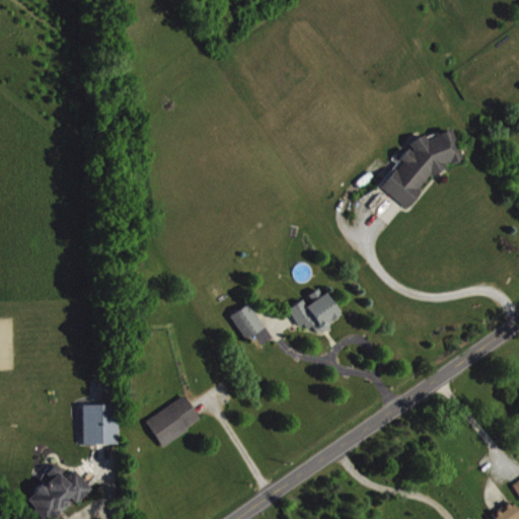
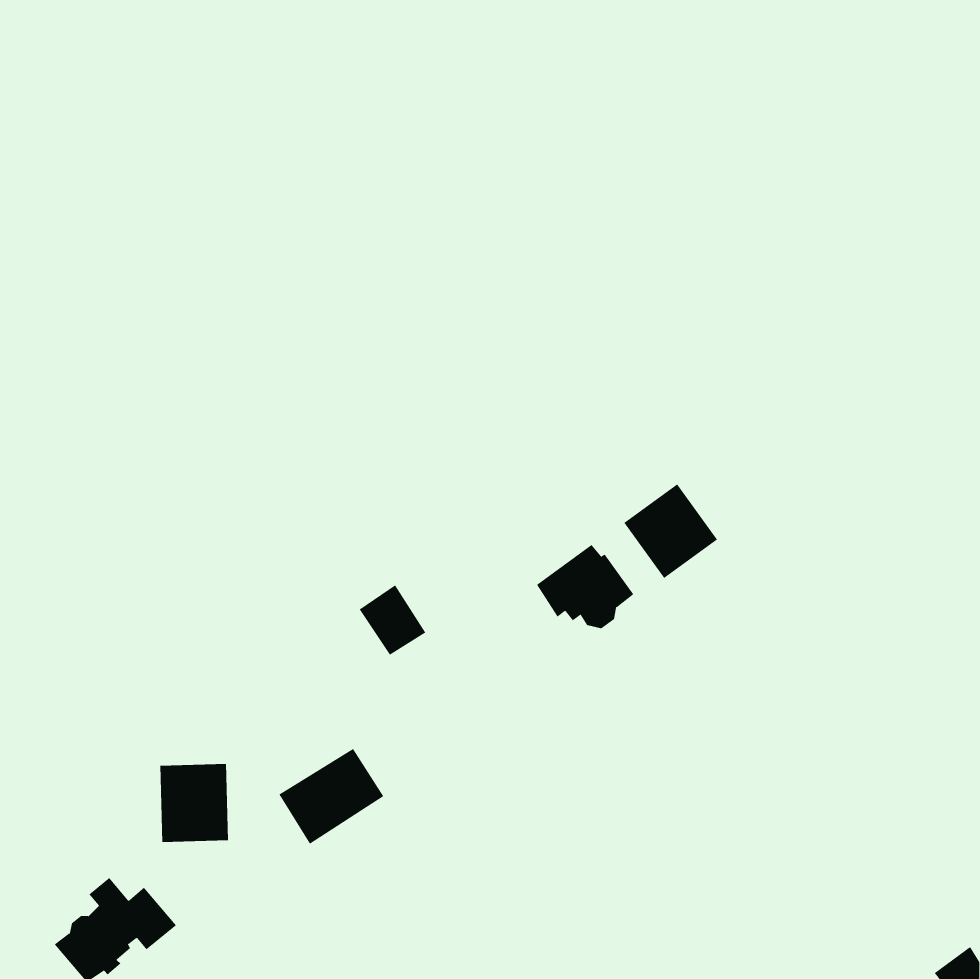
building: [373,125,463,209] -> none
building: none -> [624,483,718,579]
building: [224,303,260,341] -> [359,584,426,656]

